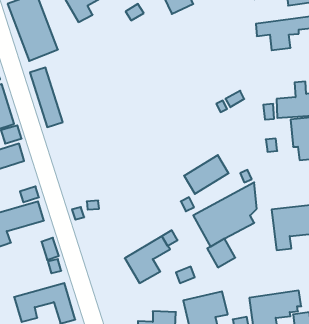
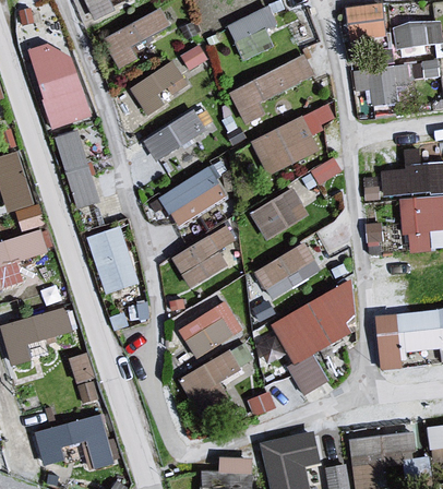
building: none -> [228,55,313,124]
building: none -> [131,62,181,116]
building: none -> [249,103,335,178]
building: none -> [144,110,205,160]
building: none -> [160,168,225,226]
building: none -> [254,192,306,238]
building: none -> [85,227,139,294]
building: none -> [172,227,235,289]
building: none -> [180,303,240,357]

